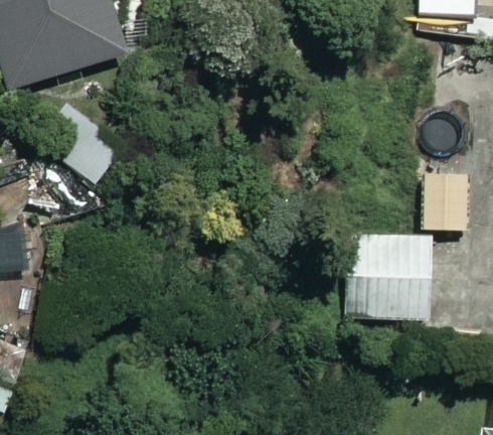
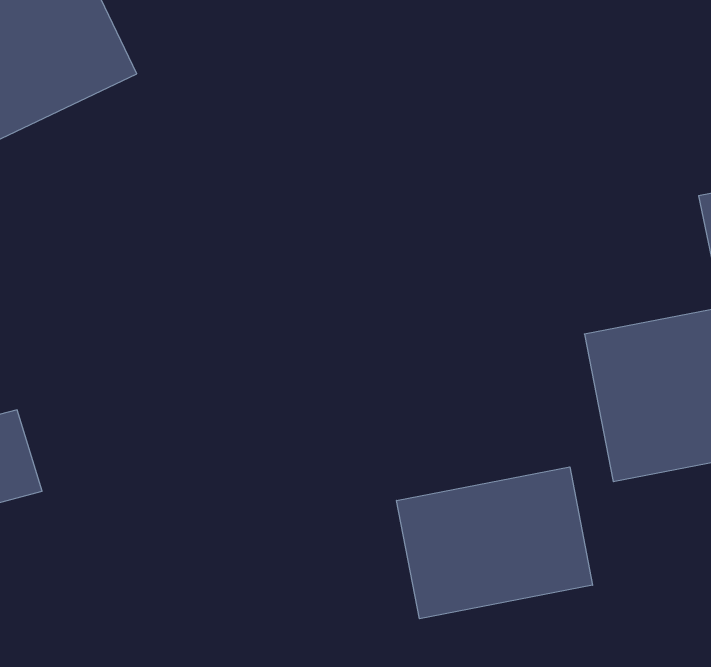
building: none -> [397,467,593,619]

